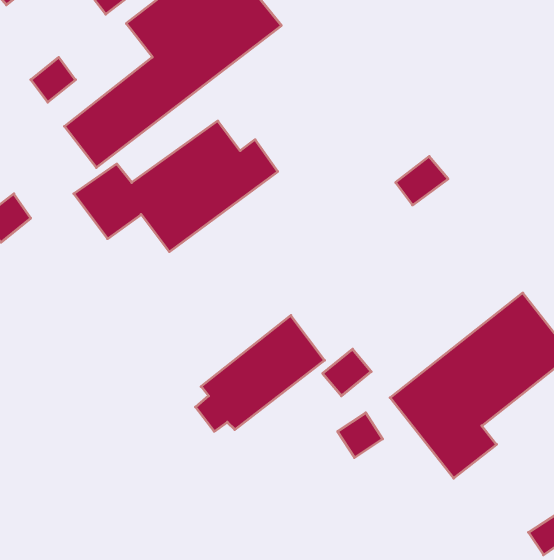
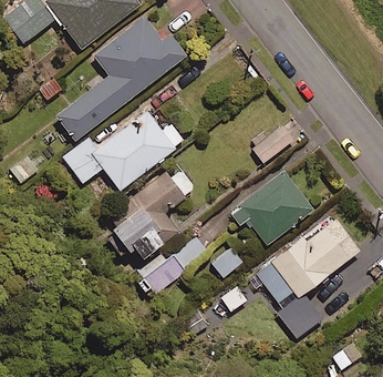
building: none -> [104,164,195,258]
building: none -> [222,171,313,244]

